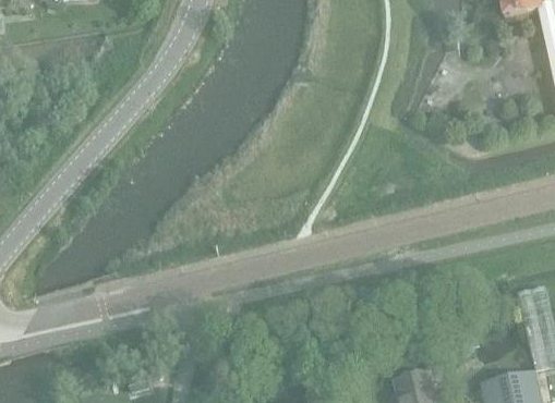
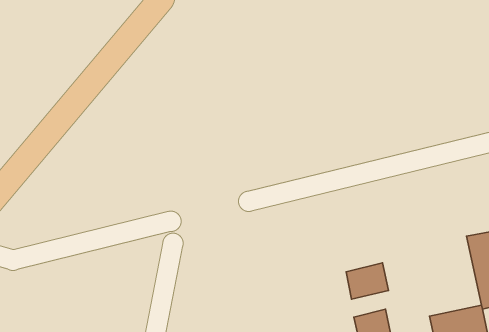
building: none -> [346,263,388,299]

